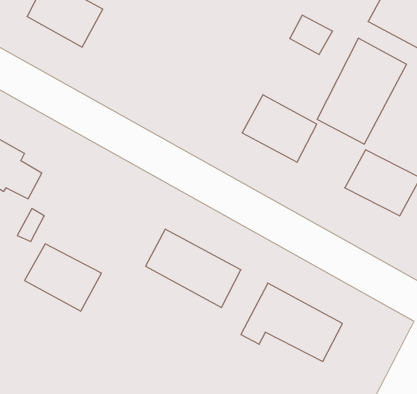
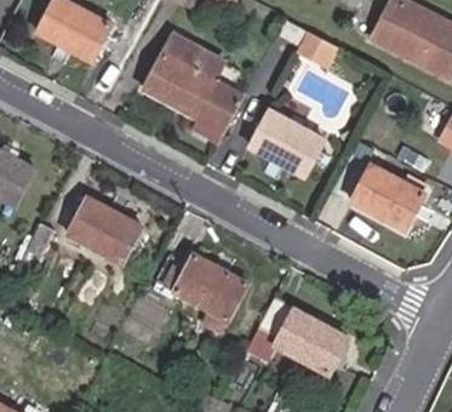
building: none -> [143,36,242,144]
building: [317,38,406,144] -> none
building: [25,244,101,311] -> [65,196,142,263]

